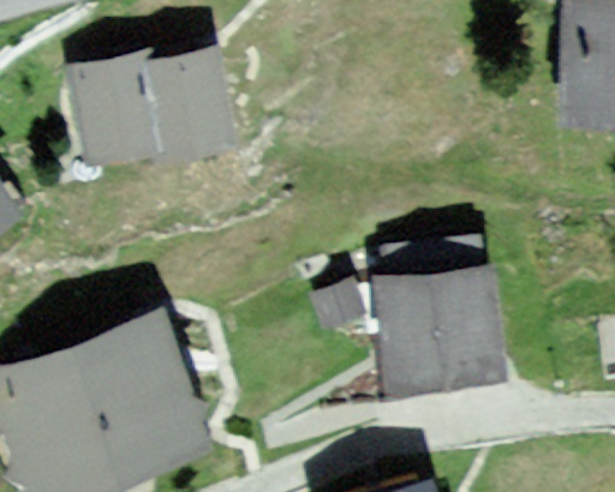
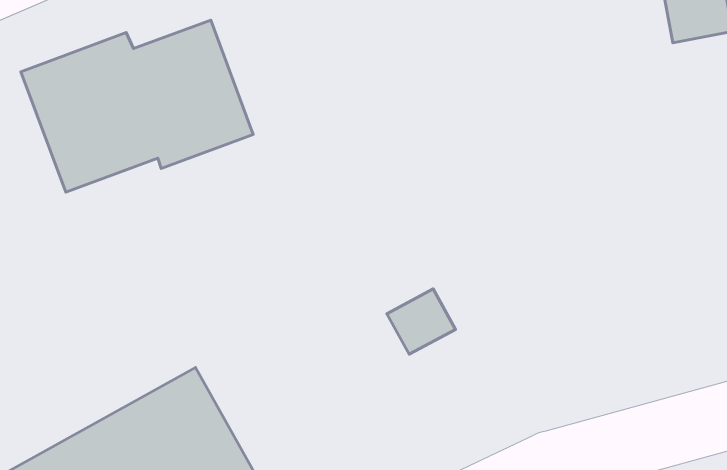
building: [378,270,503,384] -> none

